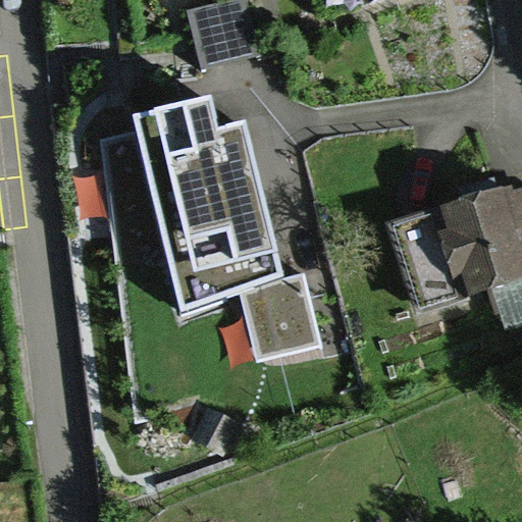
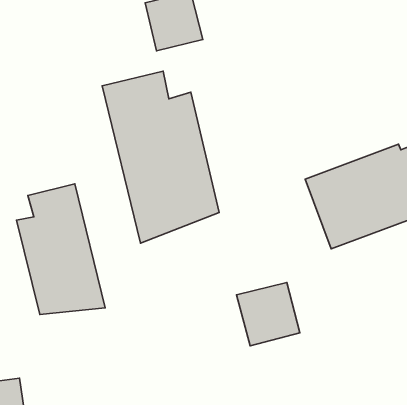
building: none -> [16,184,105,315]
building: [240,276,319,356] -> [237,283,300,346]

